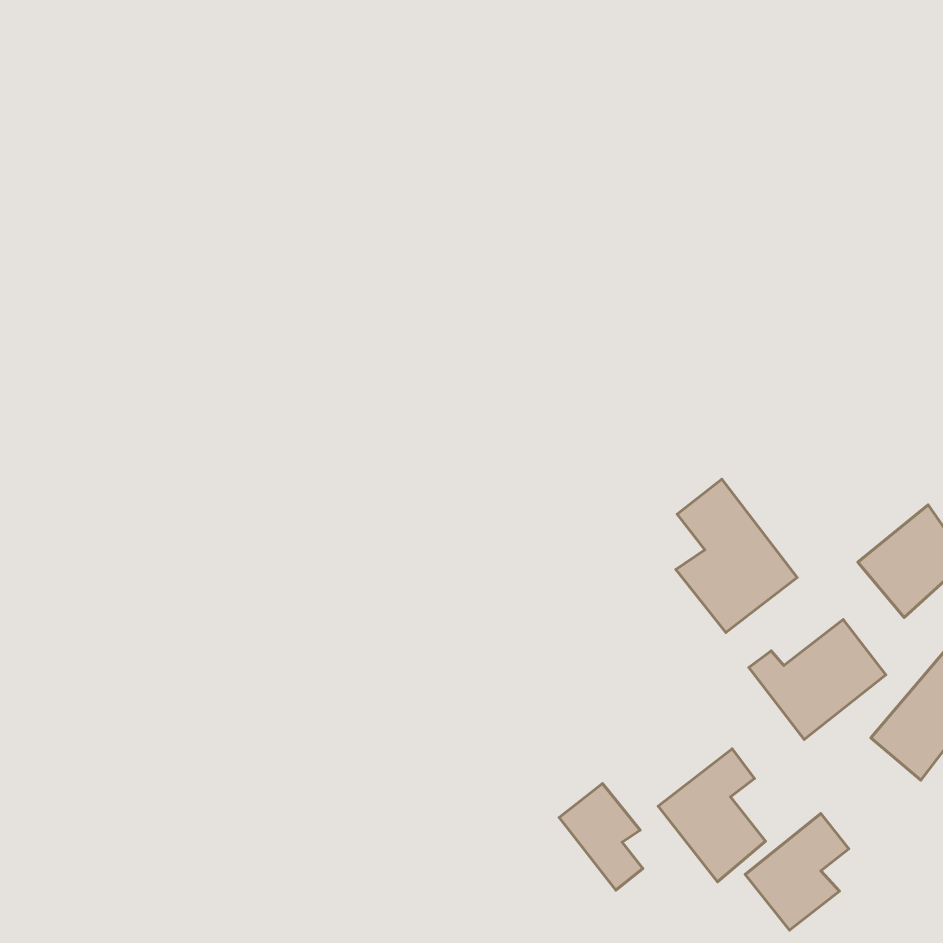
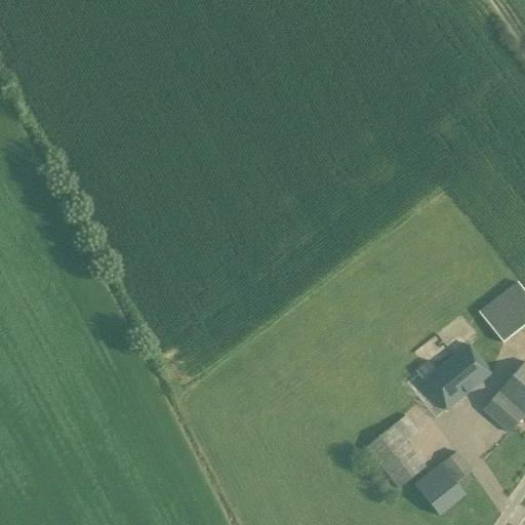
building: [676,479,797,632] -> none
building: [559,783,643,890] -> none

